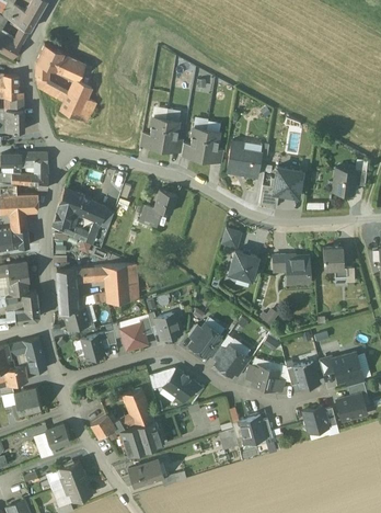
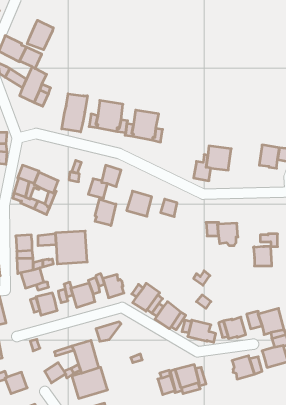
building: none -> [27,20,53,50]
building: none -> [62,94,87,132]
building: [227,140,261,175] -> none
building: none -> [95,199,116,226]
building: [322,247,343,269] -> [253,247,272,266]
building: [228,250,256,278] -> [127,191,152,216]
building: [163,369,195,400] -> none

